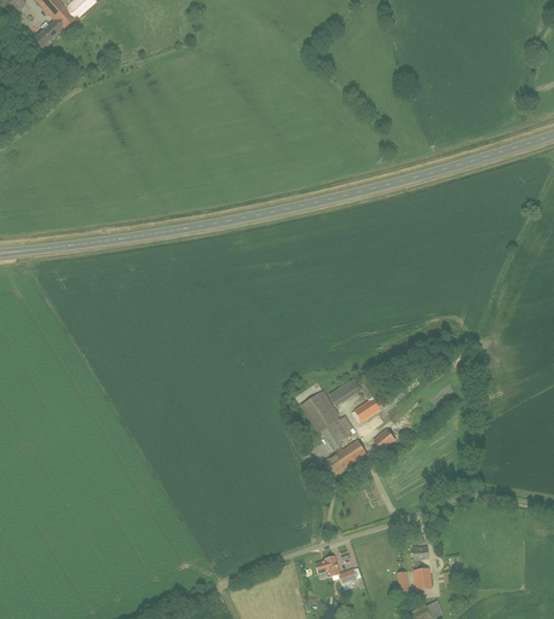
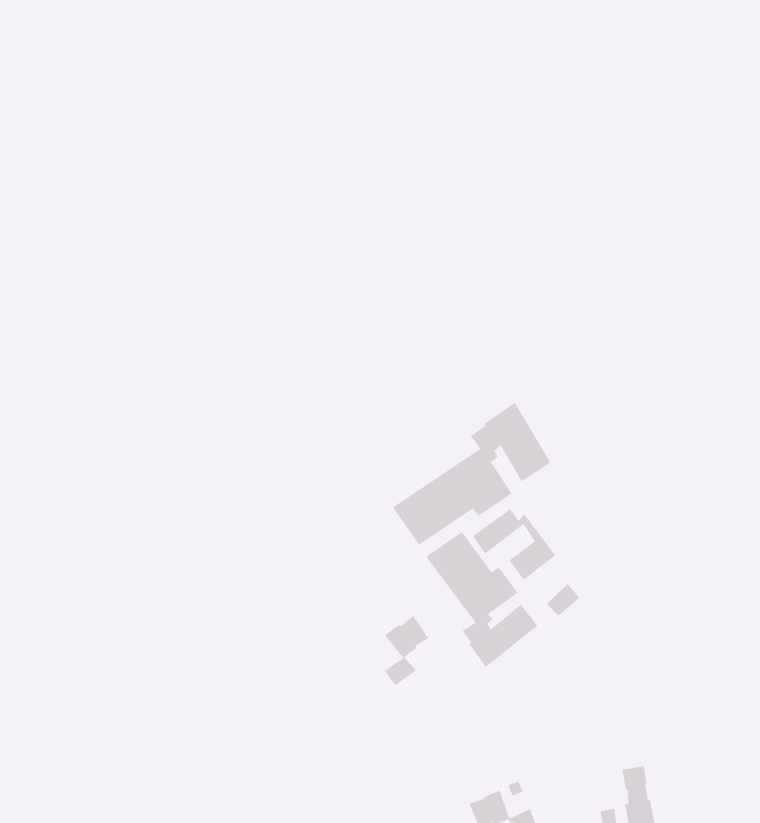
building: none -> [392,402,551,546]
building: none -> [384,615,429,686]

